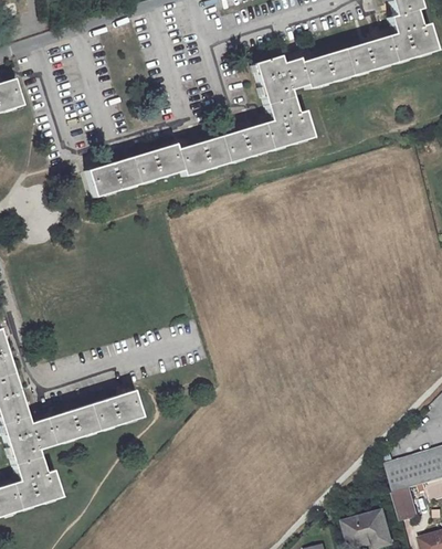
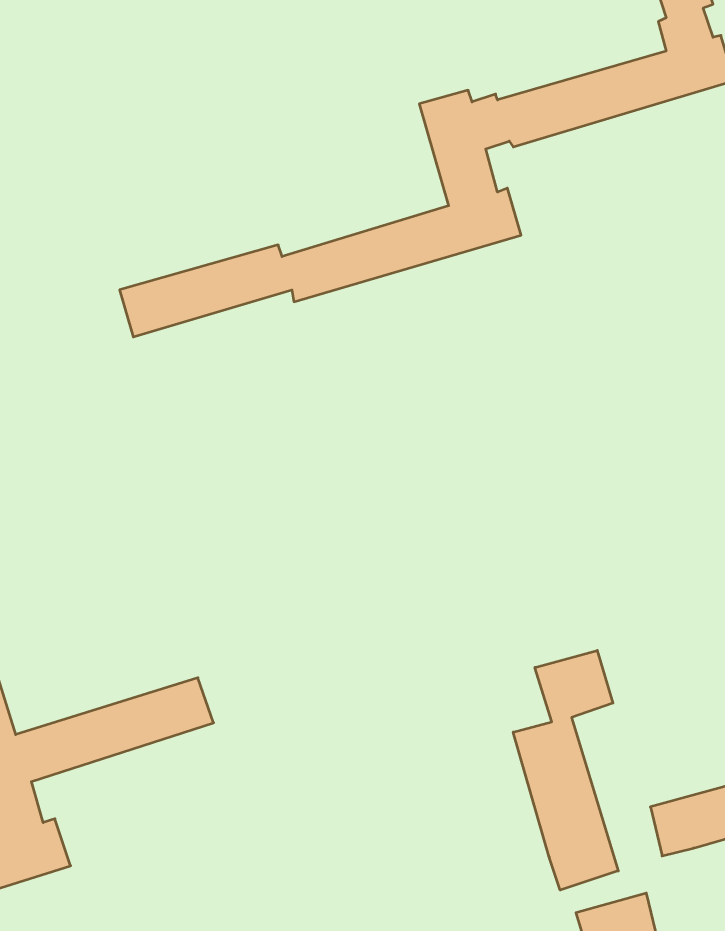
building: none -> [513,650,618,890]
building: [391,484,415,516] -> none

